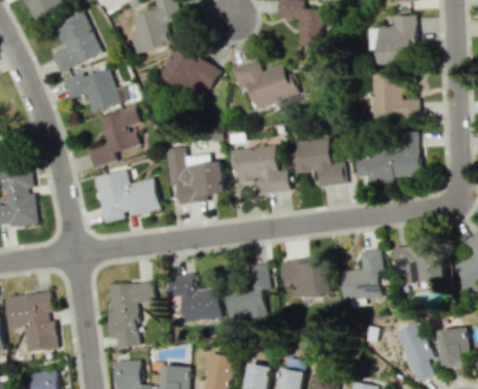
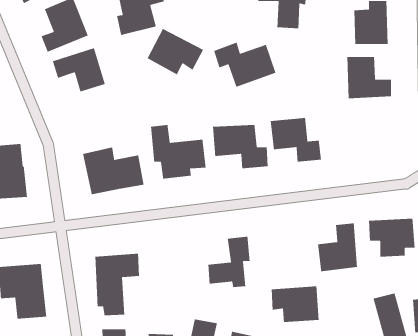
building: [89,108,142,168] -> none
building: [356,131,420,181] -> none
building: [282,259,332,298] -> [271,285,319,323]
building: [168,274,221,322] -> none

